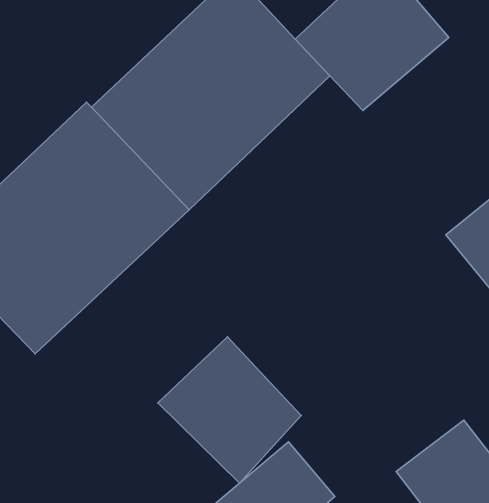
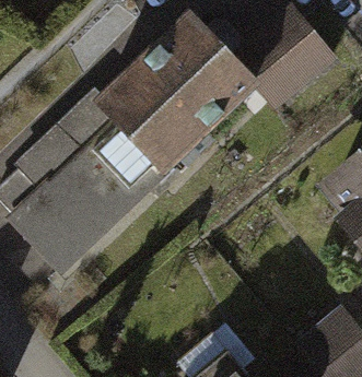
building: [158,337,301,483] -> none

